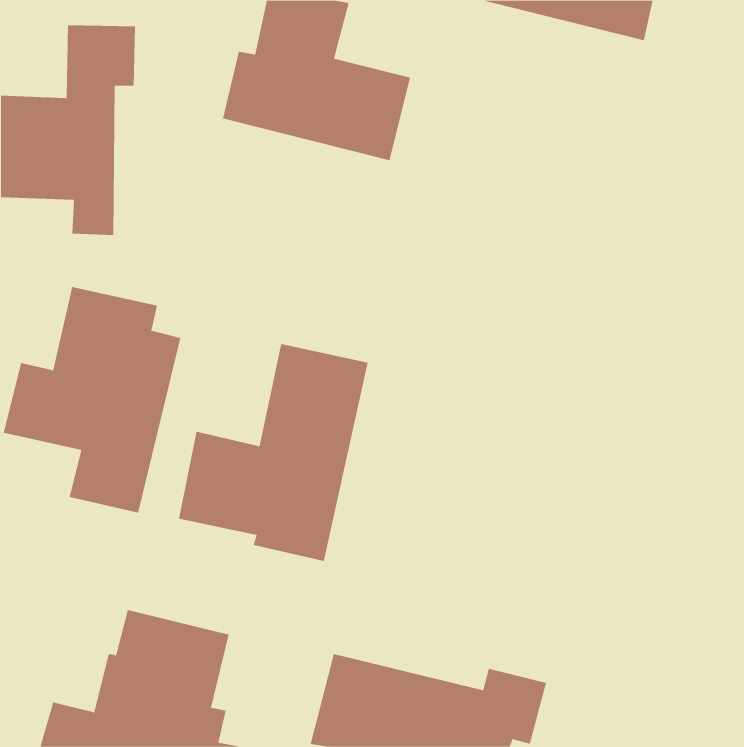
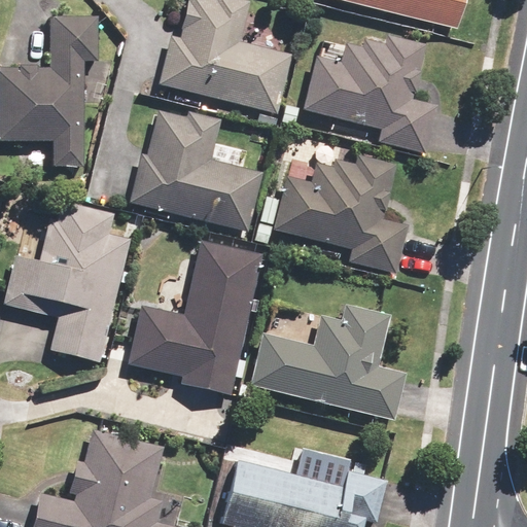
building: none -> [304,35,437,155]
building: none -> [130,110,264,231]
building: none -> [273,155,409,275]
building: none -> [251,306,406,420]

